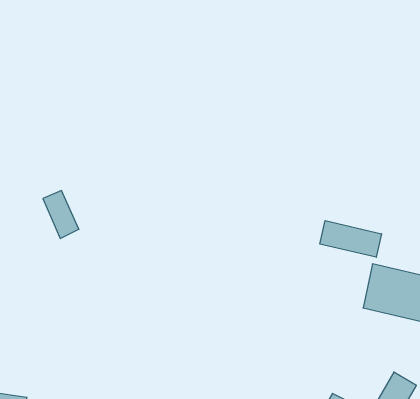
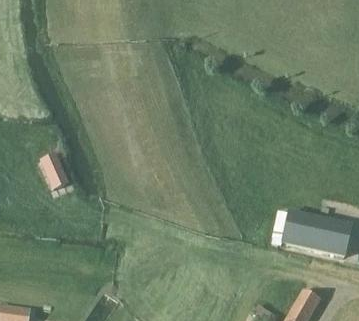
building: [320,221,382,257] -> none

